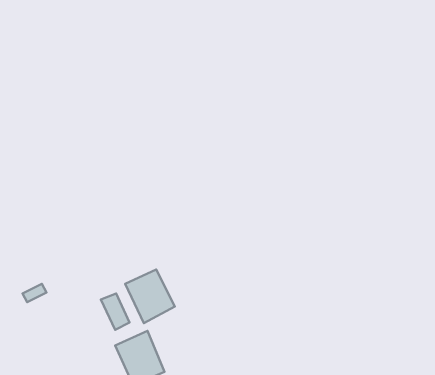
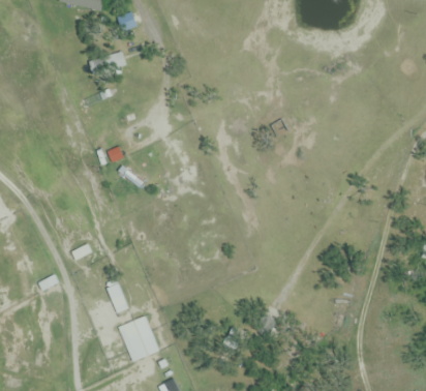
building: [125,269,175,323] -> none

